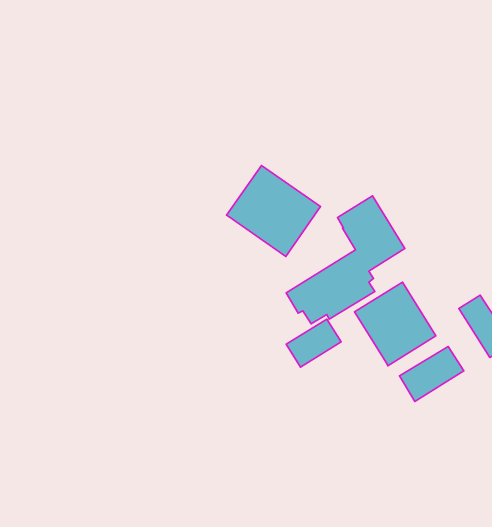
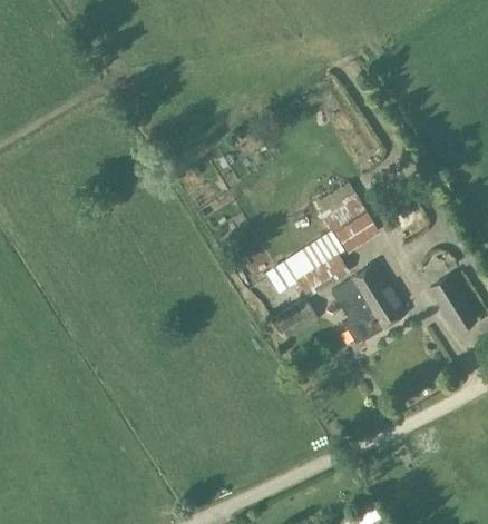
building: [227,165,321,256] -> none
building: [400,347,464,401] -> none

